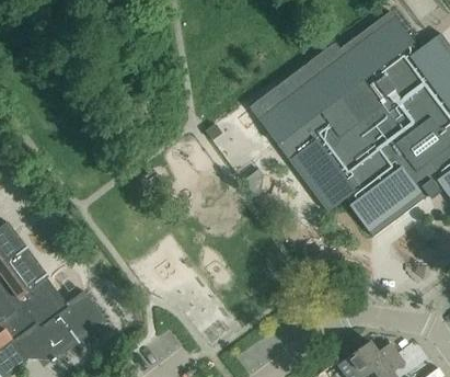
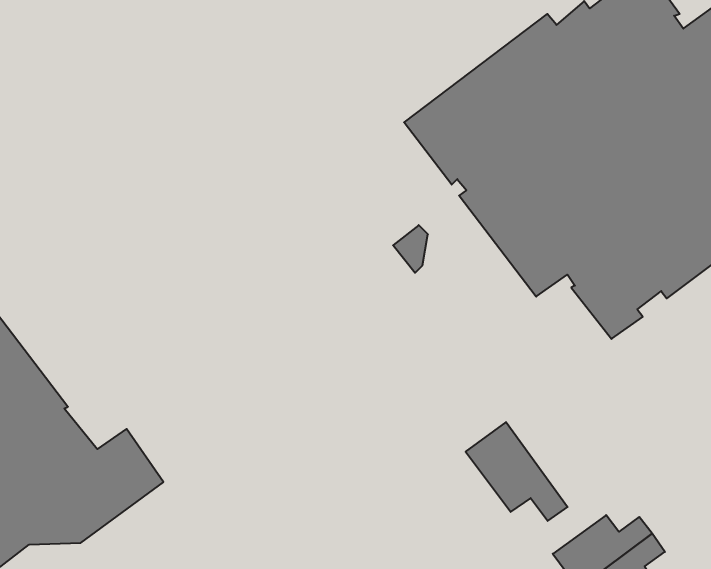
building: none -> [466,422,568,521]

